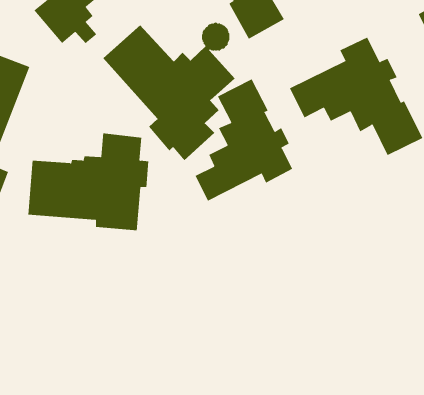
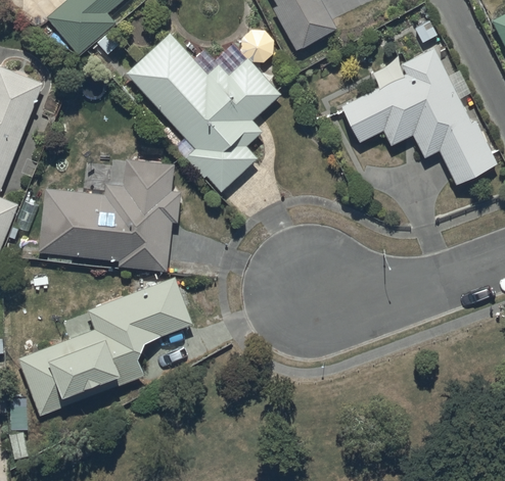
building: [195,78,293,201] -> none
building: none -> [19,278,191,414]

